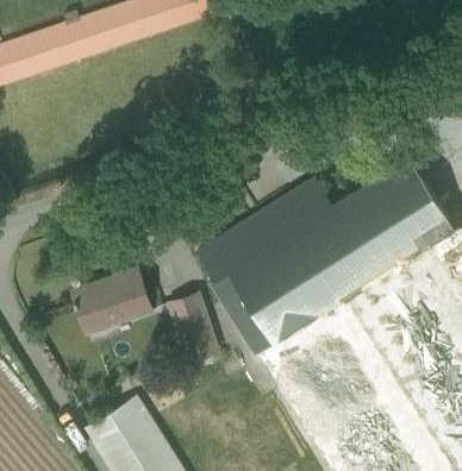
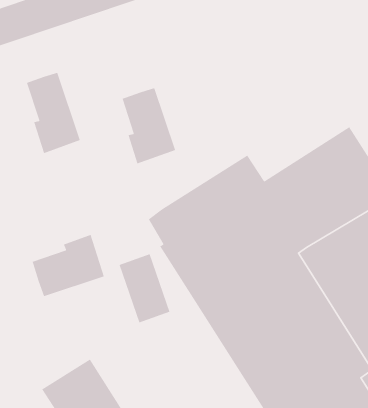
building: none -> [25,72,81,154]
building: none -> [120,87,176,165]

